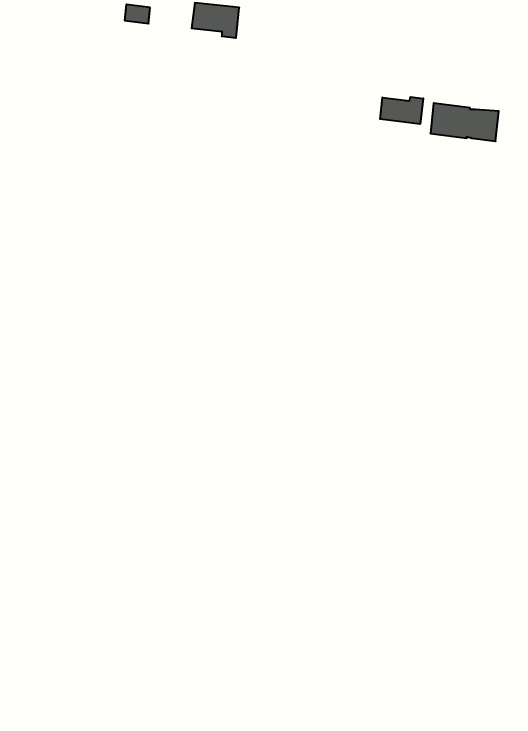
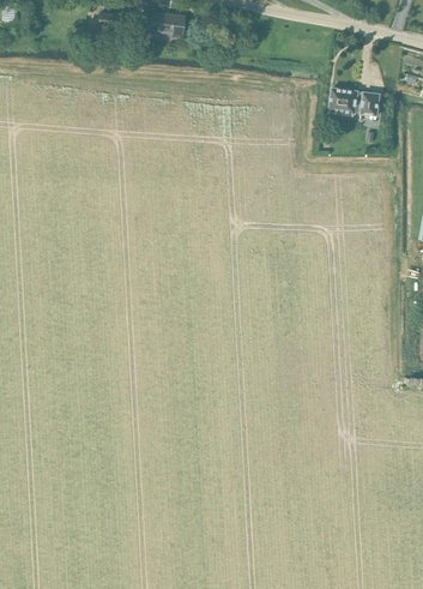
building: [380,97,423,124] -> none

